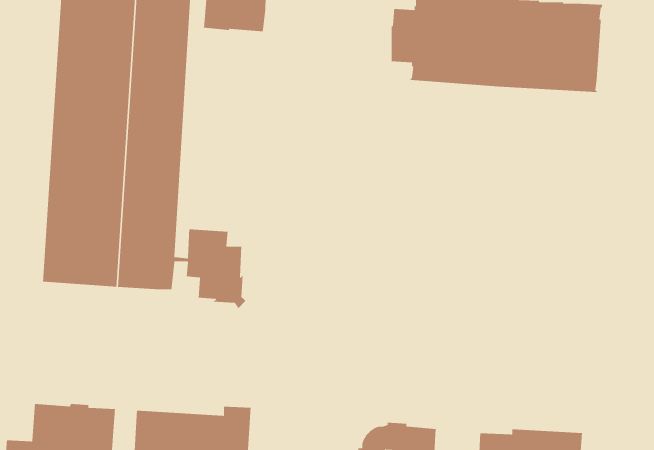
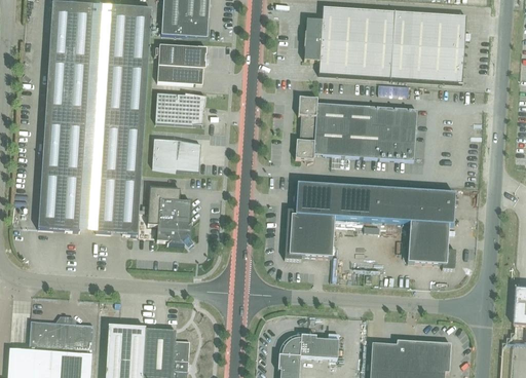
building: none -> [157,43,206,84]
building: none -> [154,92,203,124]
building: none -> [295,96,417,162]
building: none -> [152,139,200,171]
building: none -> [285,182,455,268]

